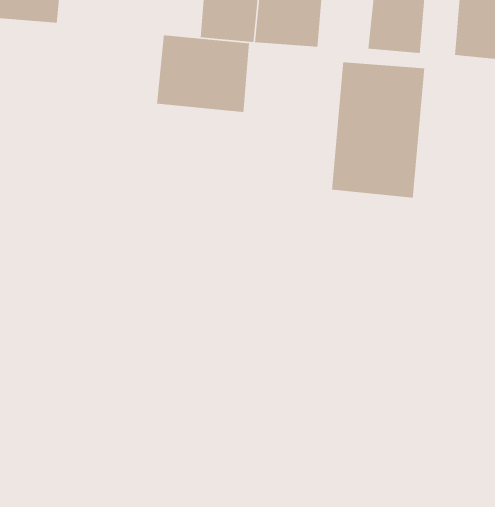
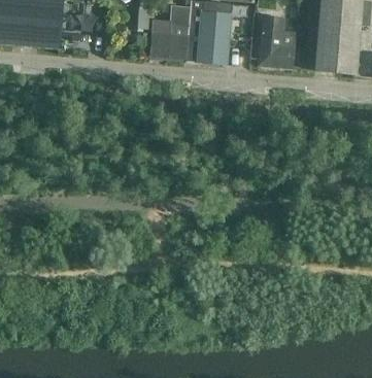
building: [156,35,250,113] -> none
building: [331,61,425,198] -> none

